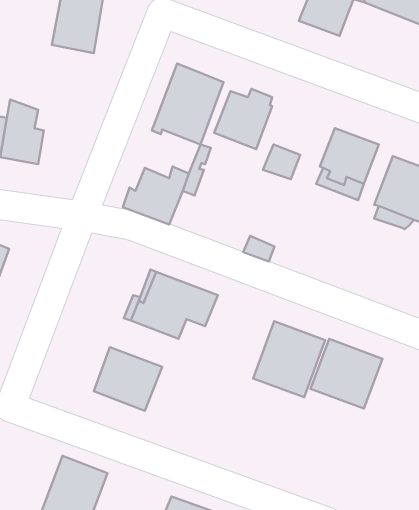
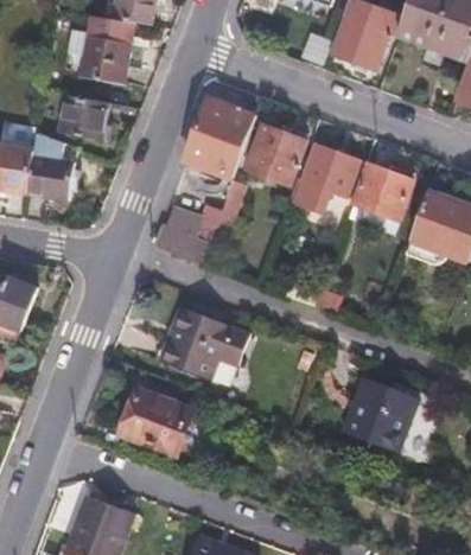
building: none -> [59,96,107,141]
building: none -> [303,145,362,196]
building: [253,321,325,397] -> none

